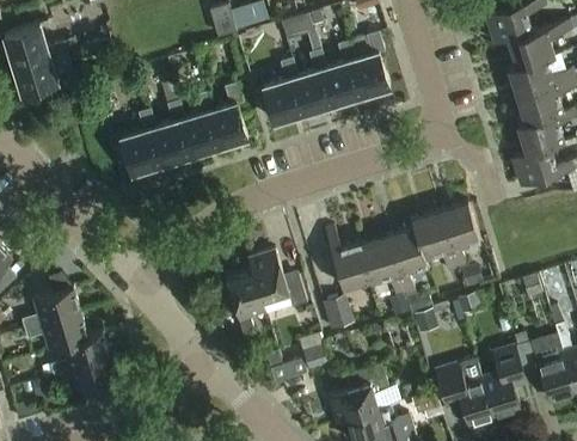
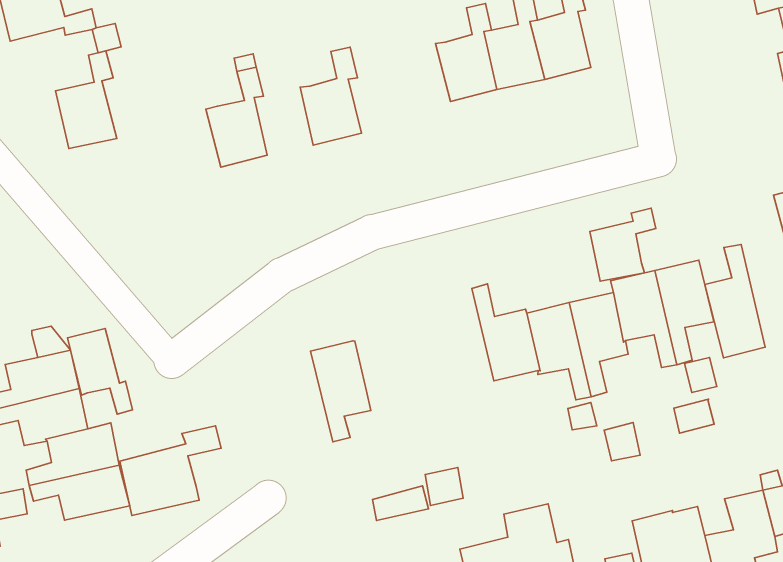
building: [262,60,302,123] -> none
building: [178,93,217,157] -> none
building: [119,111,160,174] -> [56,51,117,149]
building: none -> [590,208,656,281]
building: none -> [705,244,765,358]
building: [247,251,307,308] -> none
building: none -> [67,329,133,414]
building: [321,296,354,331] -> none
building: none -> [120,426,221,515]

